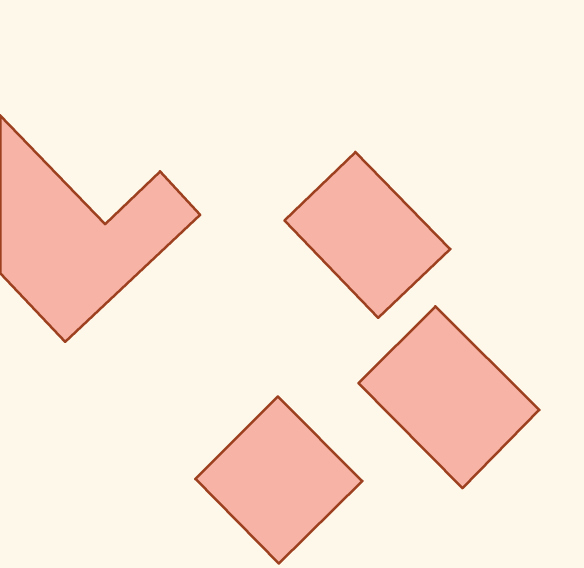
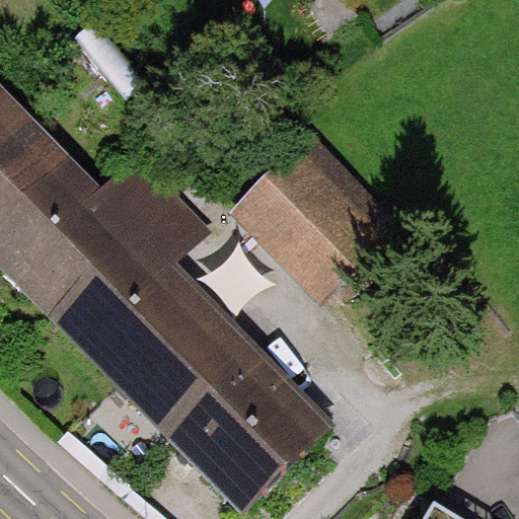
building: none -> [58,191,246,425]
building: [359,306,539,488] -> none

